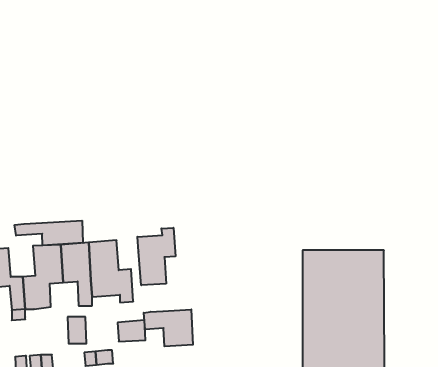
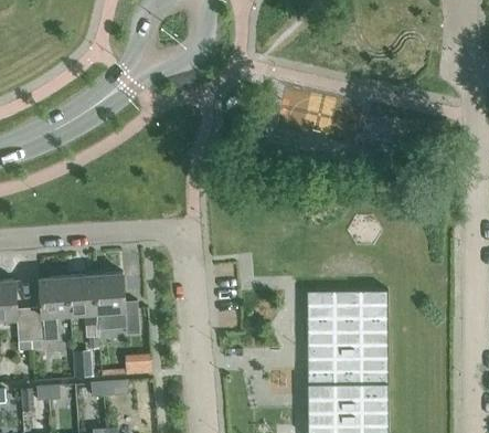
building: [15,221,83,245] -> none
building: [137,228,175,285] -> none
building: [144,309,193,346] -> none

